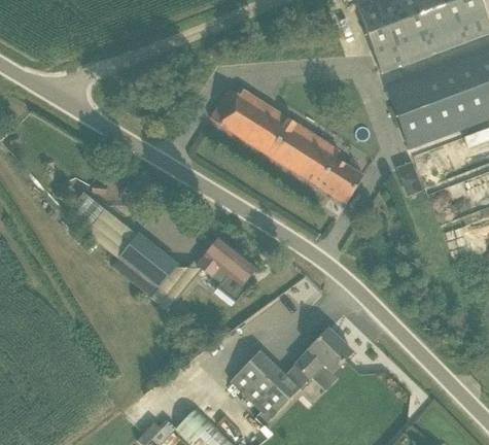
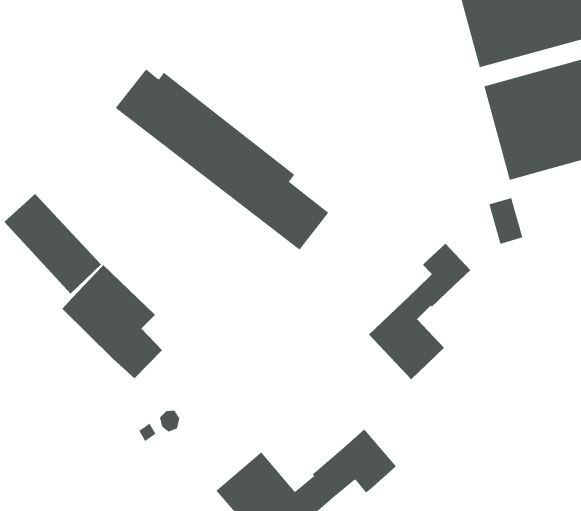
building: [210,89,363,203] -> [115,69,329,251]
building: none -> [368,243,471,380]
building: [197,237,256,301] -> none

